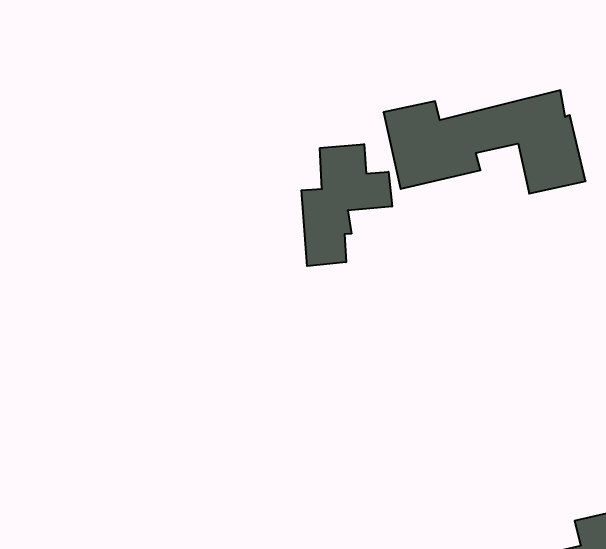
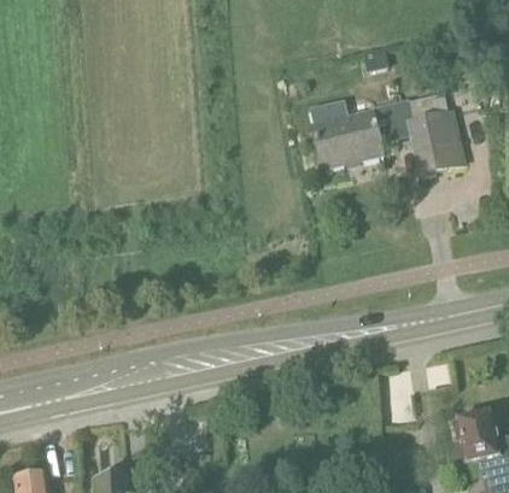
building: [301,144,392,266] -> none

